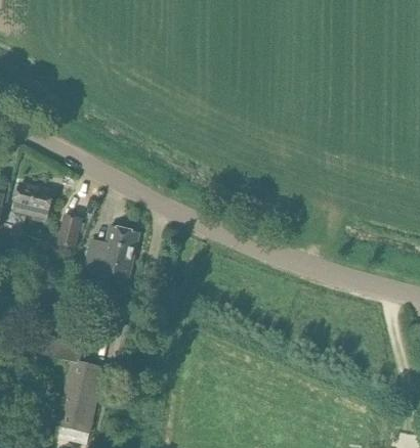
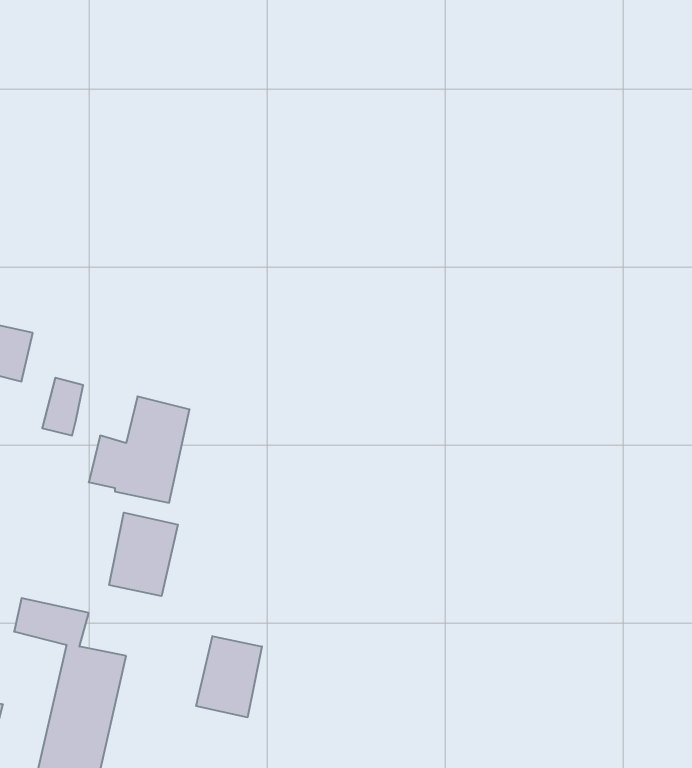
building: none -> [109,513,178,596]
building: none -> [196,636,262,717]

